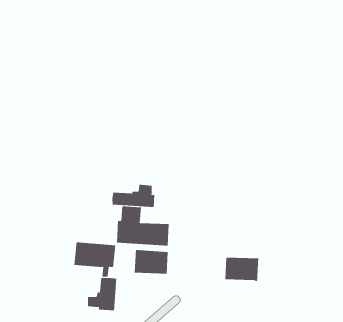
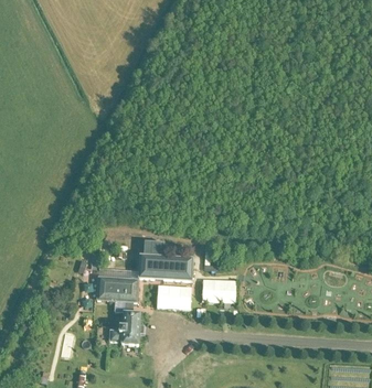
building: [112,184,155,208] -> none
building: [224,257,259,282] -> [201,277,235,301]

